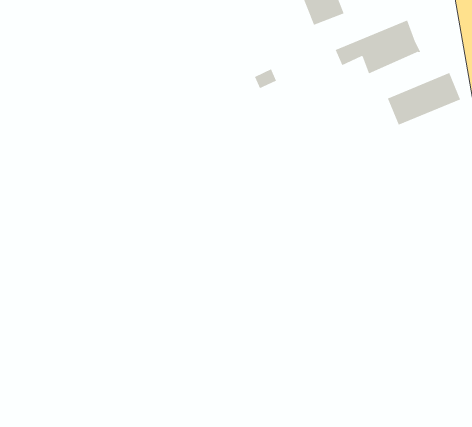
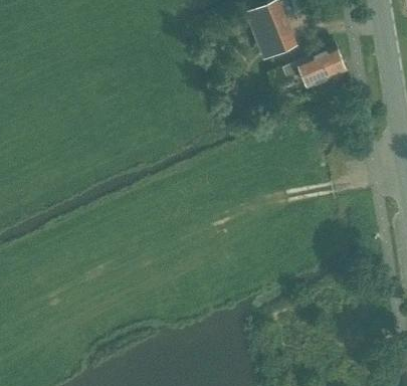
building: [387,72,461,126] -> none

